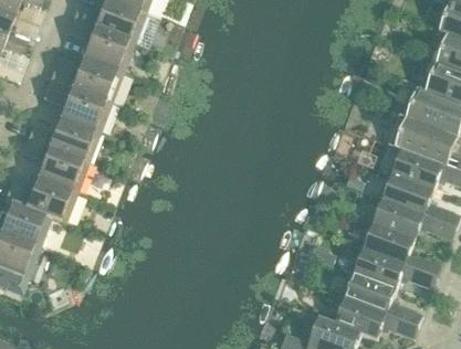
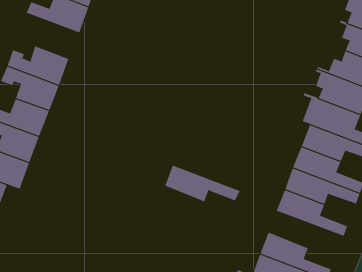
building: [66,21,133,74] -> none
building: [349,248,437,292] -> [164,165,240,202]

